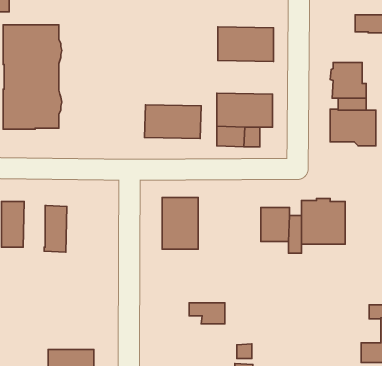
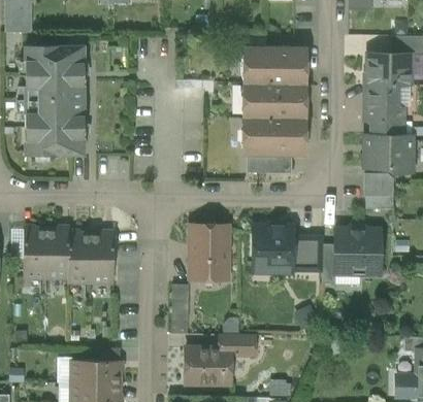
building: none -> [366,54,411,87]
building: [145,105,201,139] -> [248,83,306,119]
building: none -> [364,173,394,197]
building: none -> [253,227,293,272]
building: none -> [46,230,70,277]
building: none -> [91,235,115,282]
building: none -> [172,286,189,322]
building: none -> [186,348,232,384]
building: none -> [72,361,120,383]

